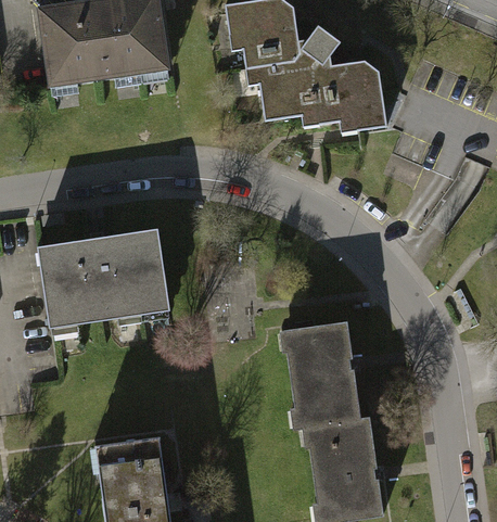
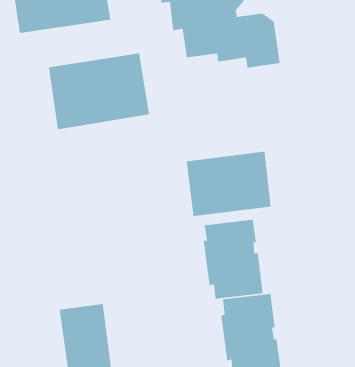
building: [37,227,168,326] -> [48,53,150,130]
building: none -> [186,151,271,217]

